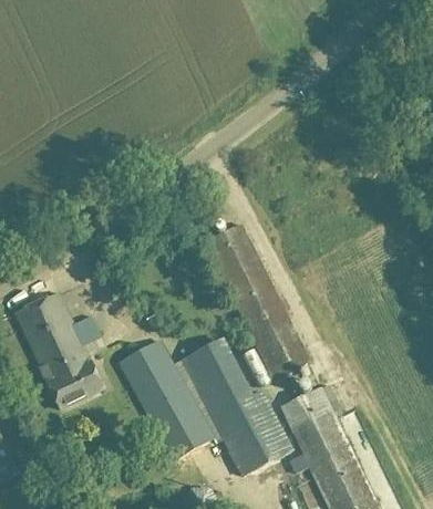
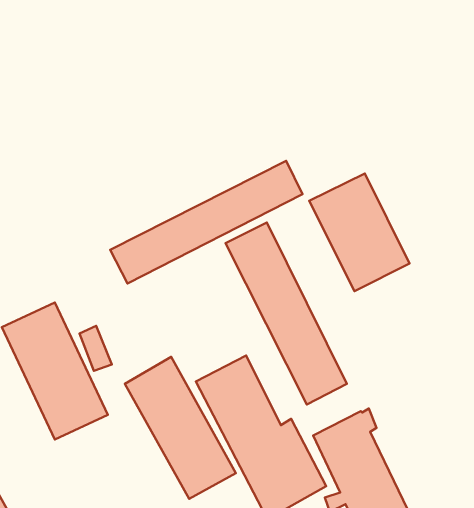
building: none -> [110,161,303,284]
building: none -> [309,174,409,291]

